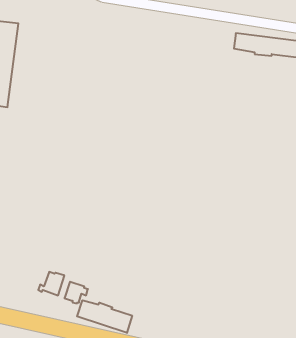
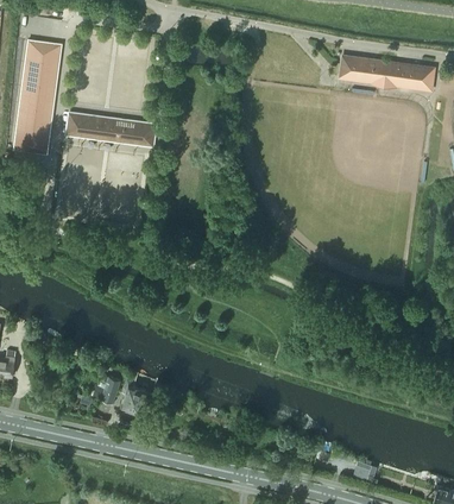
building: none -> [67,113,156,146]
building: [77,300,132,333] -> none

